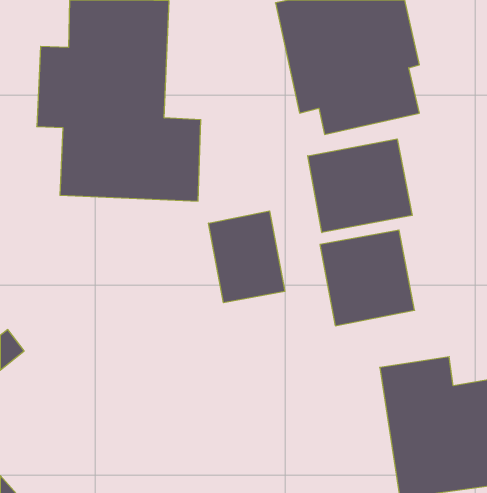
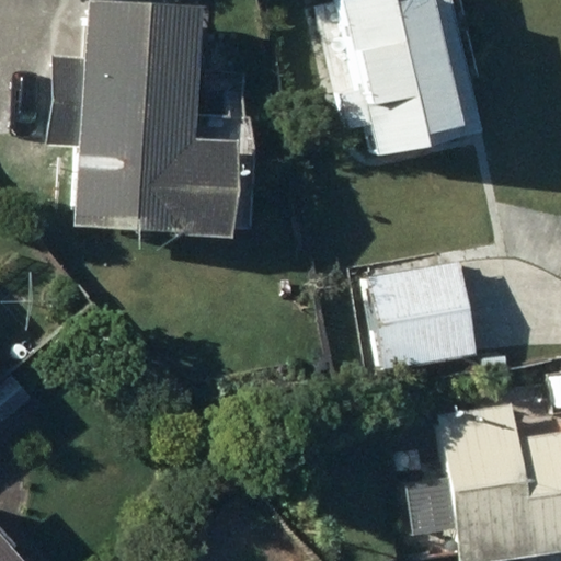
building: [308,139,412,233] -> none
building: [209,211,285,303] -> none

